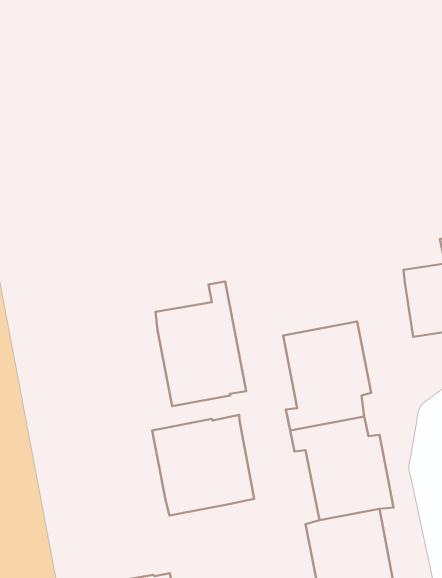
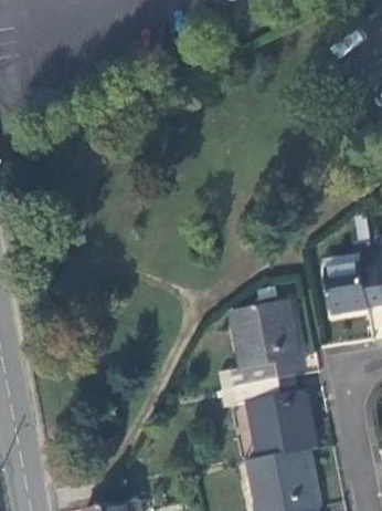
building: [155,282,246,406] -> none
building: [152,415,254,516] -> none

